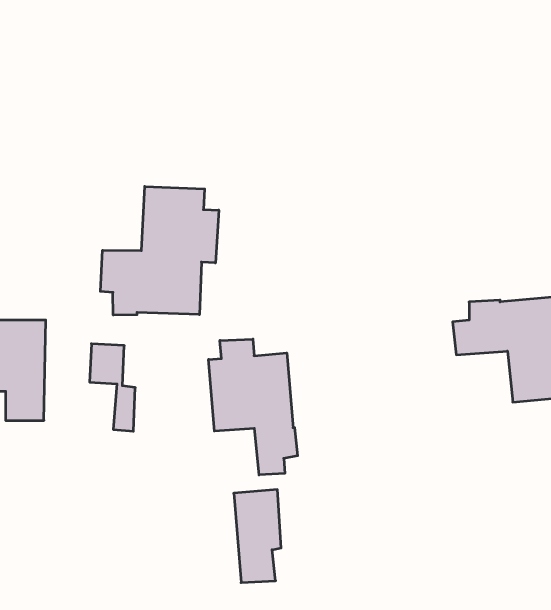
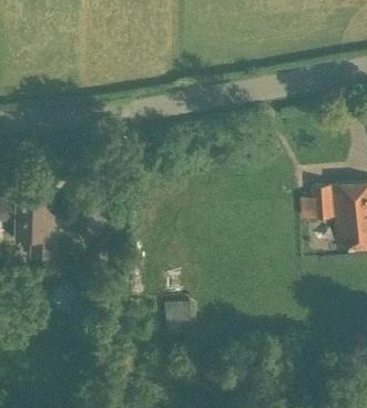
building: [100,186,219,315] -> none
building: [209,339,298,475] -> none

